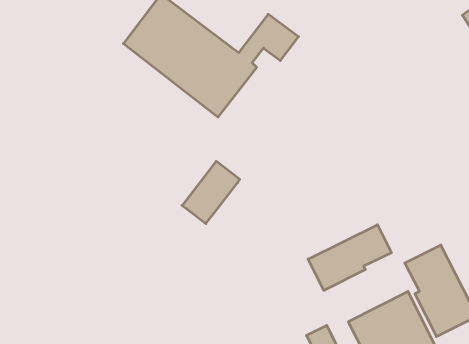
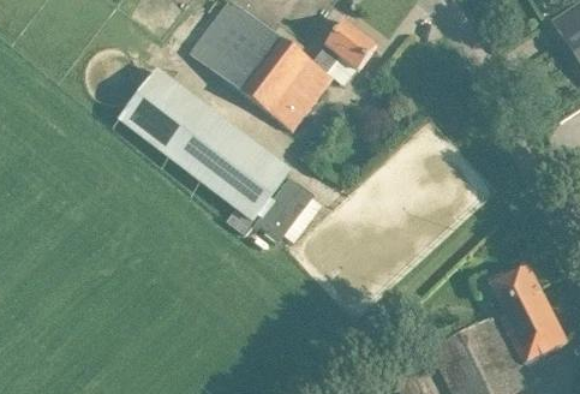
building: none -> [116,67,292,220]
building: [308,225,391,290] -> none

